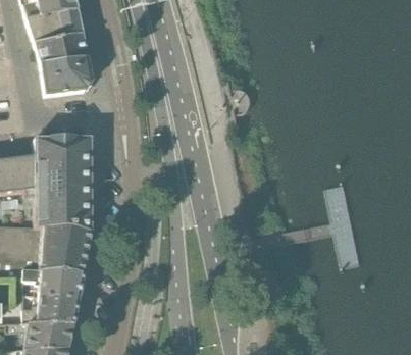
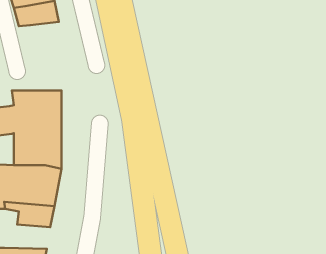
building: [41,56,92,94] -> none
building: [23,294,78,322] -> none

